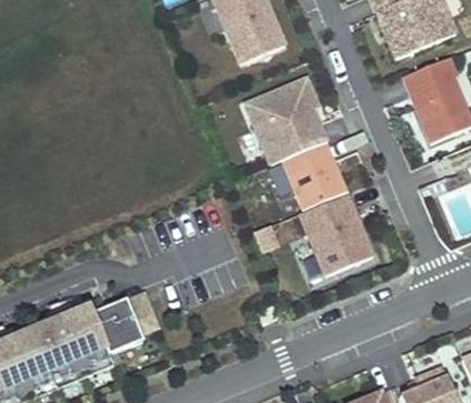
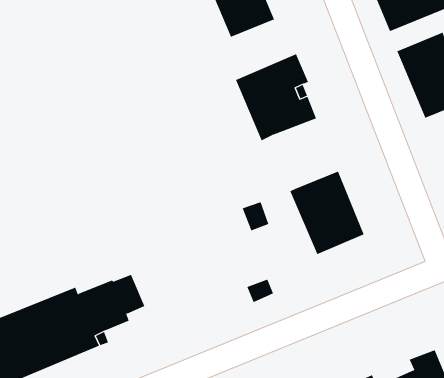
building: [282,140,347,209] -> none

